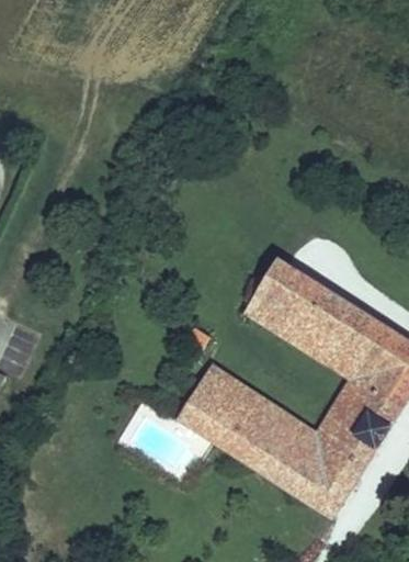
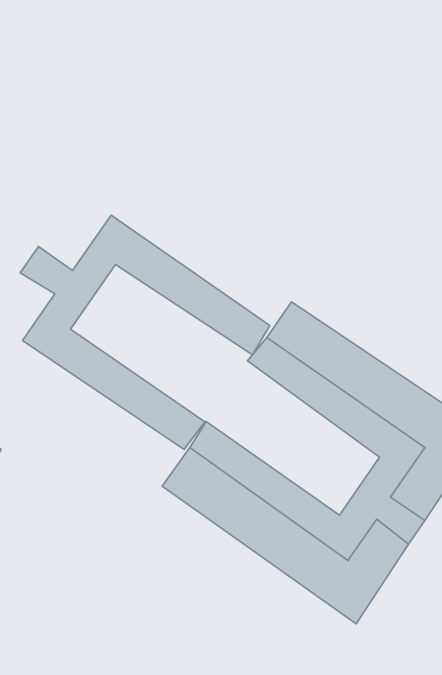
building: none -> [20,215,270,450]

